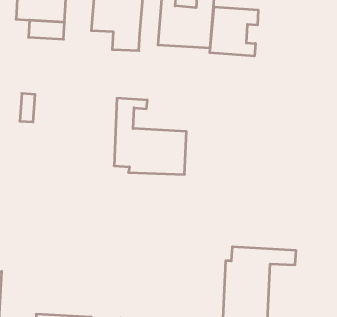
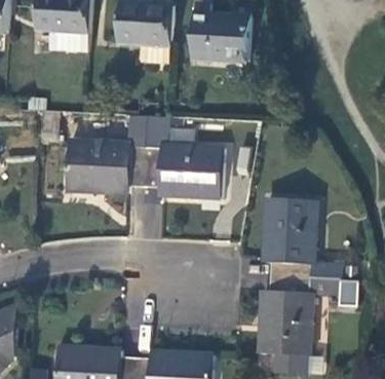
building: [210,7,258,56] -> none
building: none -> [66,114,146,193]
building: none -> [265,198,339,279]

